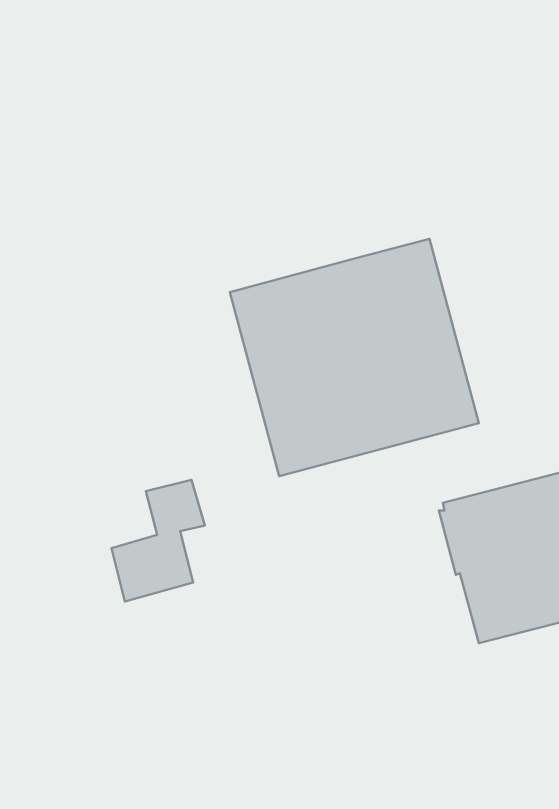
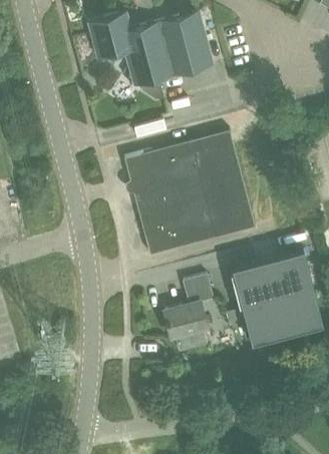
building: none -> [88,12,213,87]
building: [112,480,205,601] -> [164,275,214,339]

